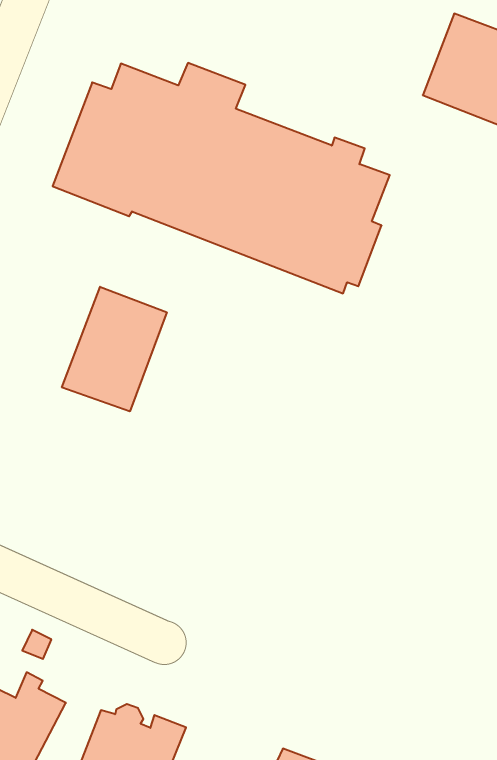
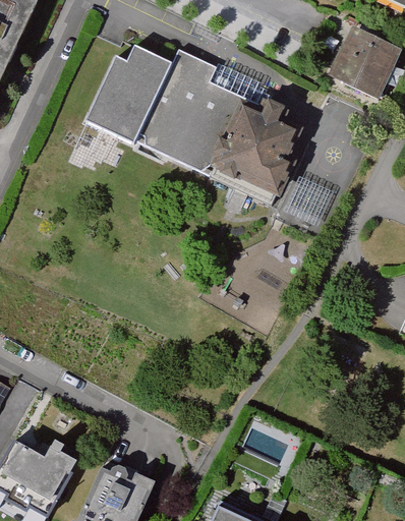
building: [62,287,167,411] -> none

